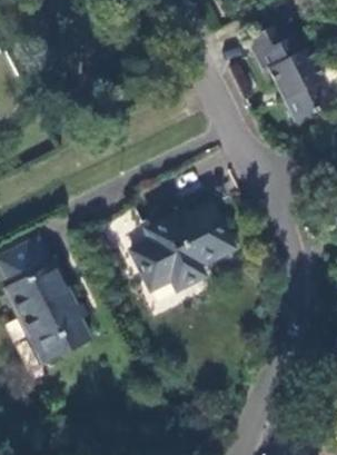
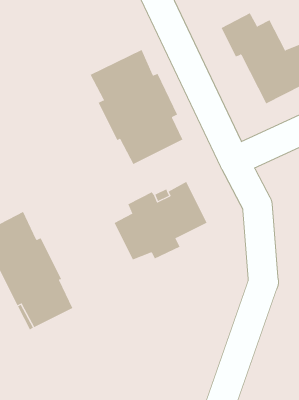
building: none -> [90,49,183,165]

